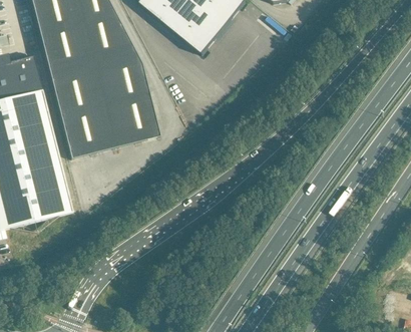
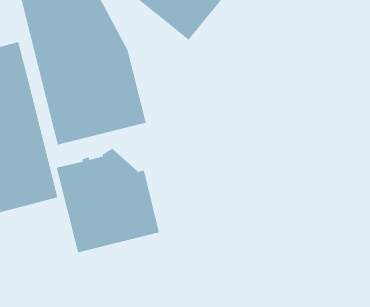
building: none -> [56,148,160,253]

